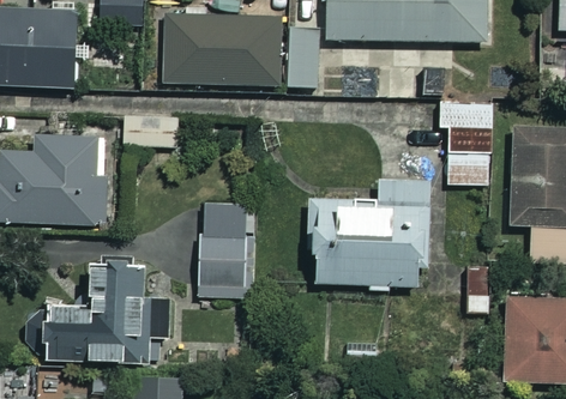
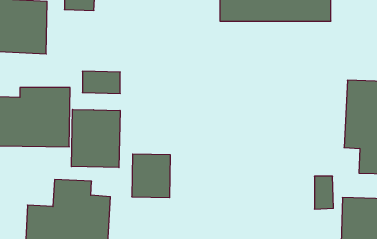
building: [162,14,318,85] -> none
building: [438,99,494,185] -> none
building: none -> [71,109,120,168]
building: [307,176,433,288] -> none

